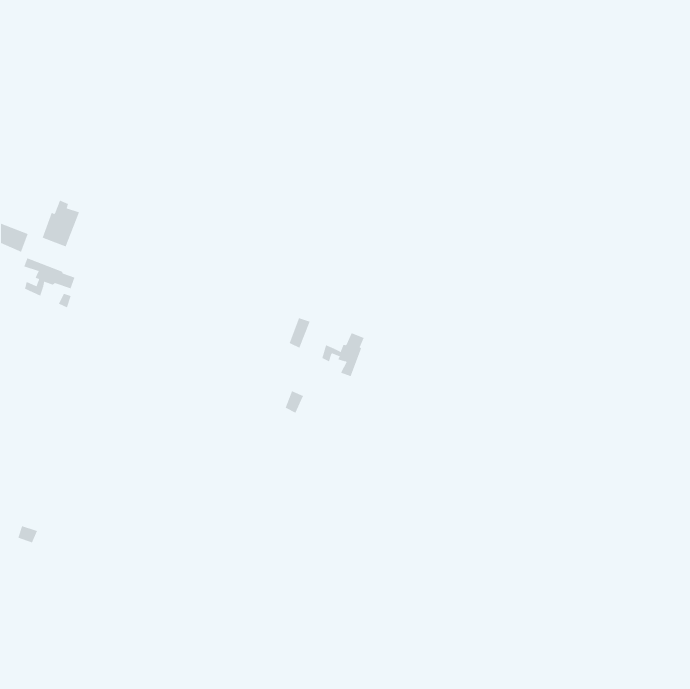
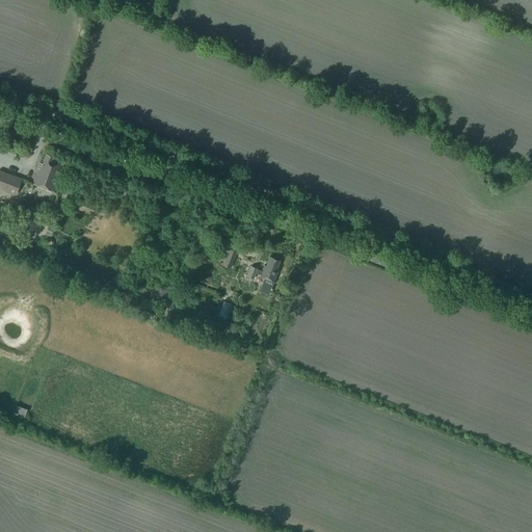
building: [24,257,75,296] -> none

